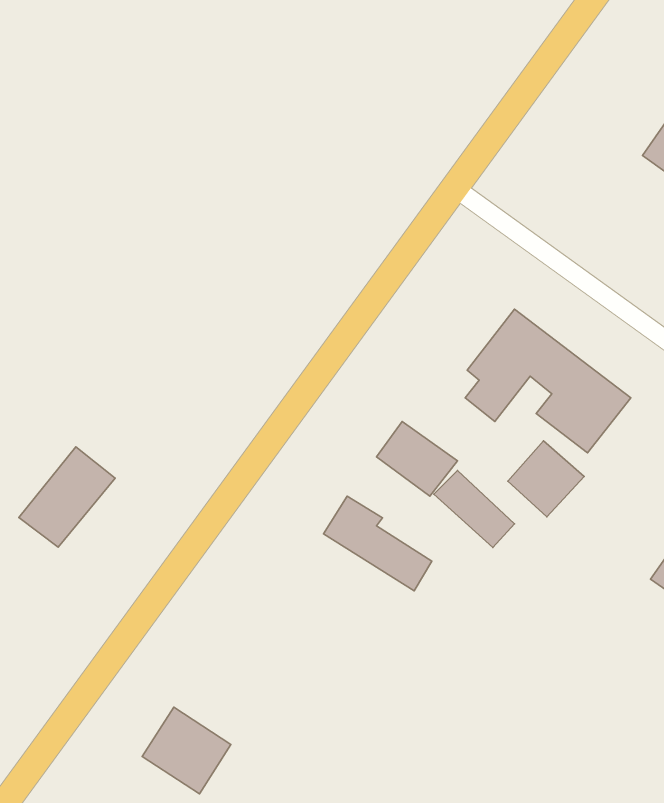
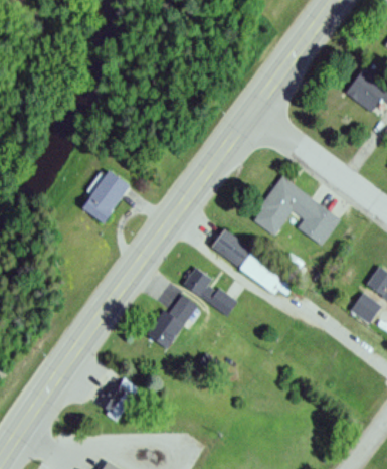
building: [508,441,584,517] -> none
building: [19,447,115,547] -> [80,169,130,220]
building: none -> [147,295,197,349]

